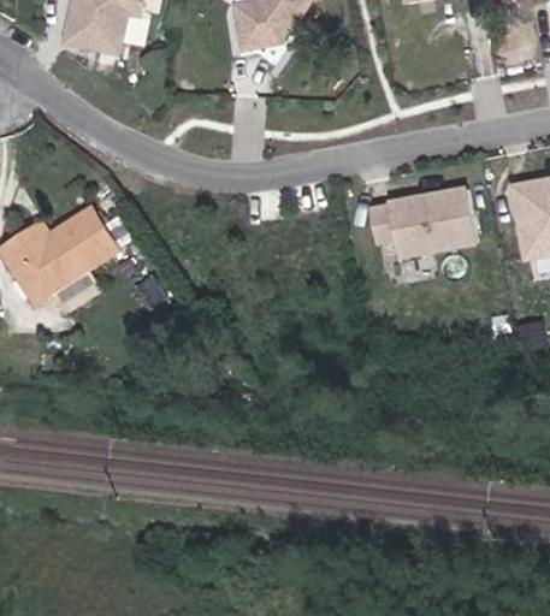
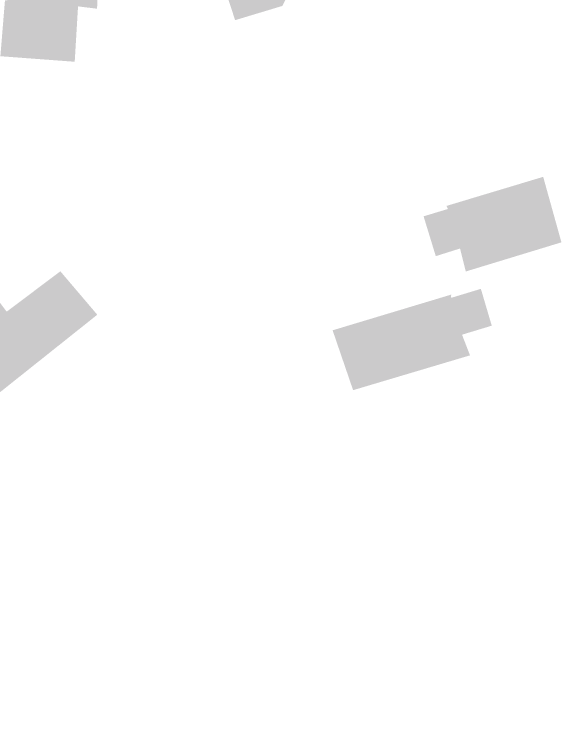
building: none -> [332,288,493,391]

